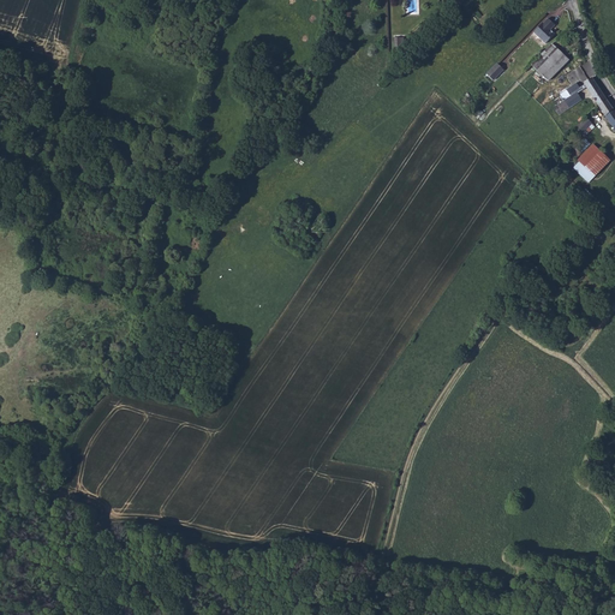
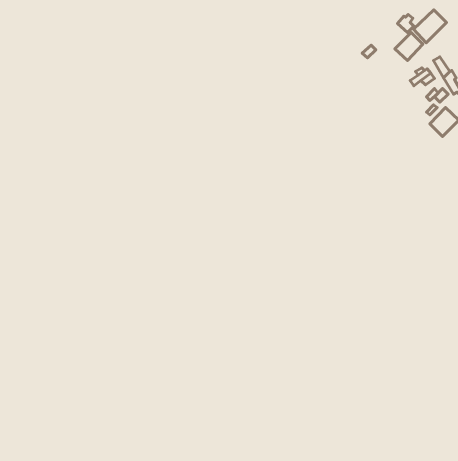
building: none -> [413,10,446,43]

